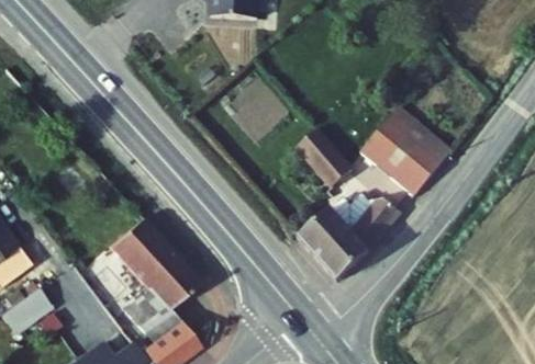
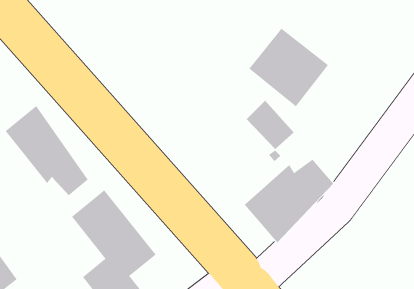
building: [360,107,447,193] -> [249,28,329,107]
building: none -> [5,105,89,196]

